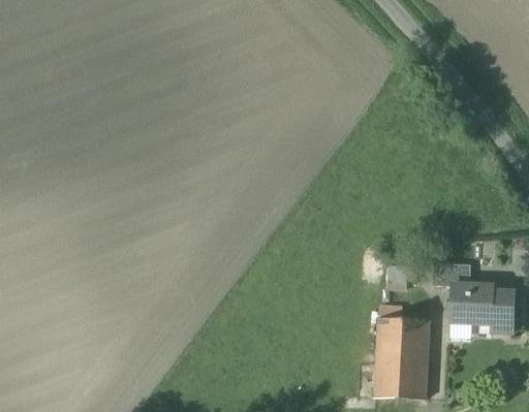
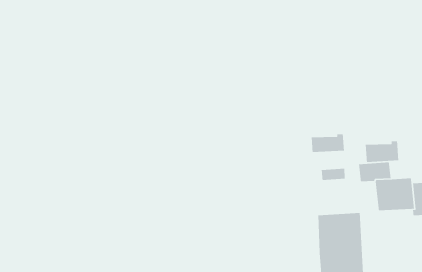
building: none -> [311,134,345,153]
building: none -> [365,141,399,163]

